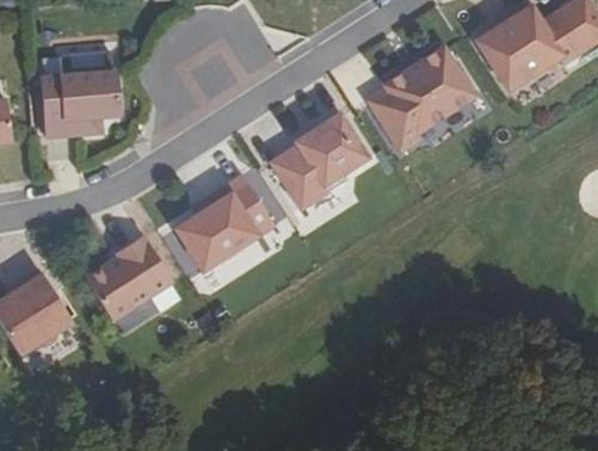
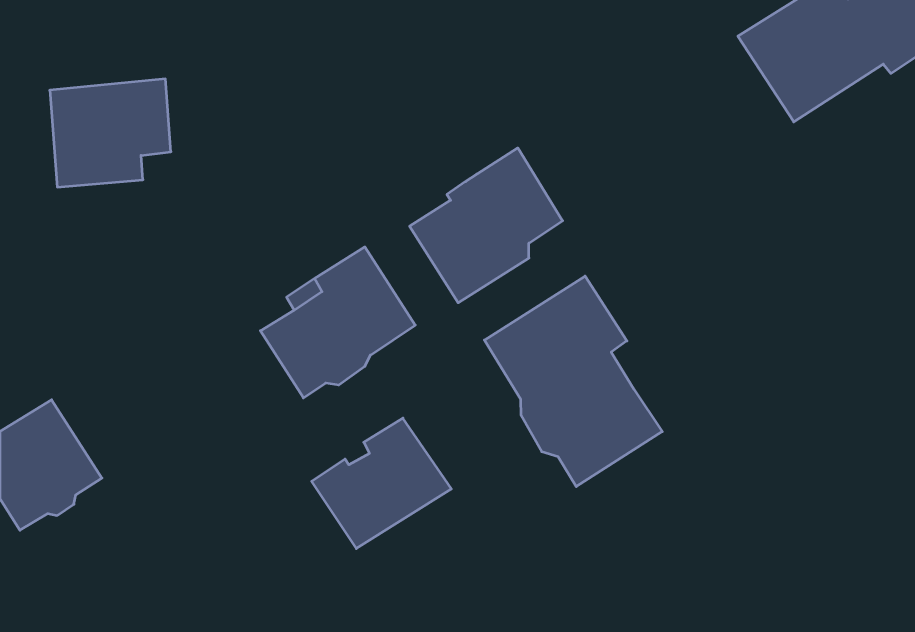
building: [366,47,474,152] -> none
building: none -> [484,276,662,487]
building: [84,236,173,320] -> [312,418,451,549]

